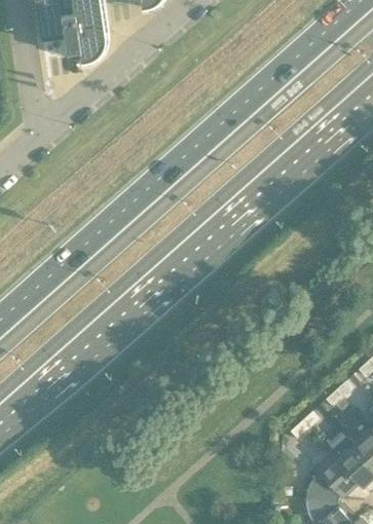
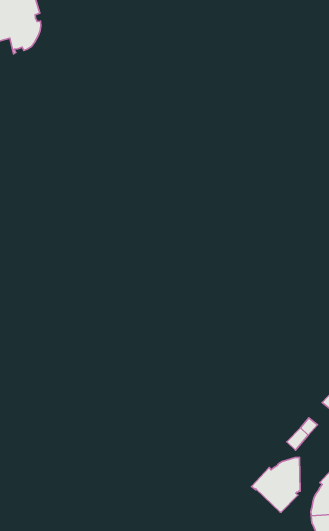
building: none -> [251,458,300,512]

